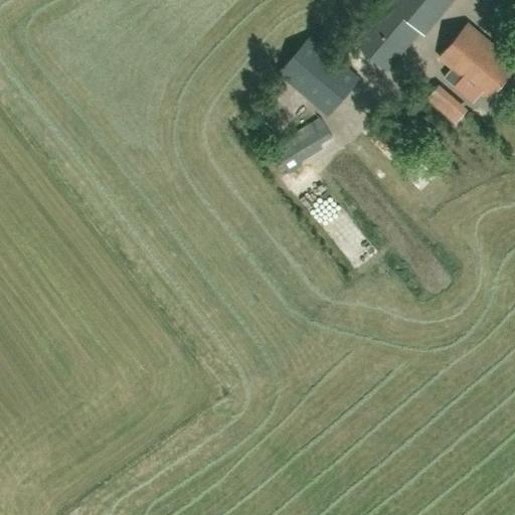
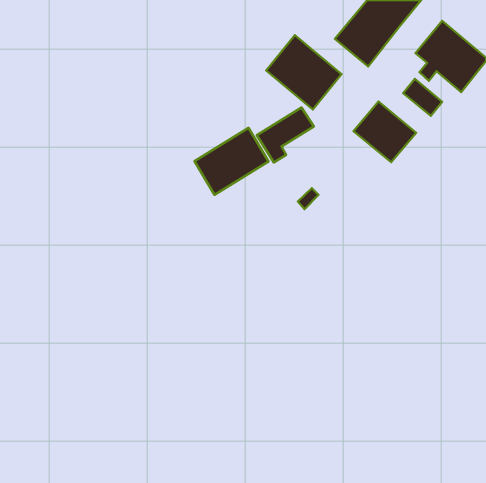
building: none -> [353,102,416,162]
building: none -> [194,128,269,195]

